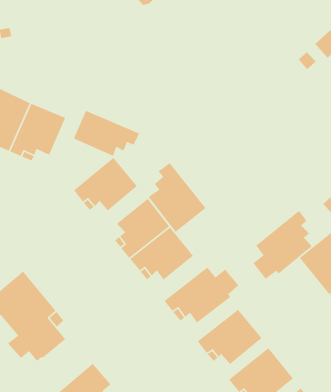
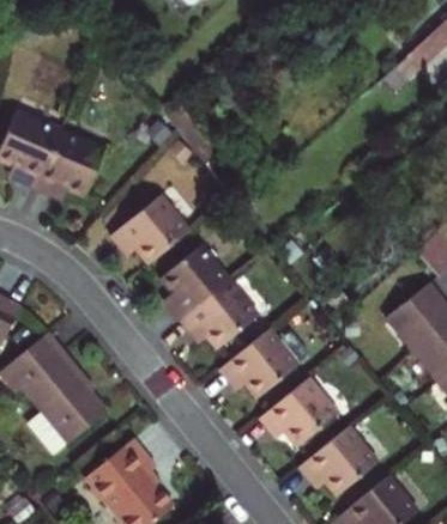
building: [73,110,140,157] -> none
building: [148,162,207,233] -> none
building: [253,210,313,280] -> none

